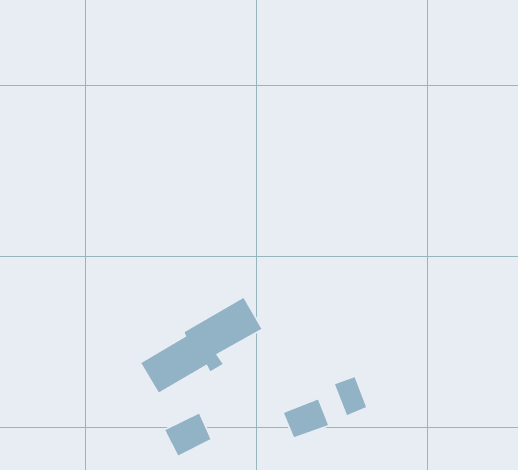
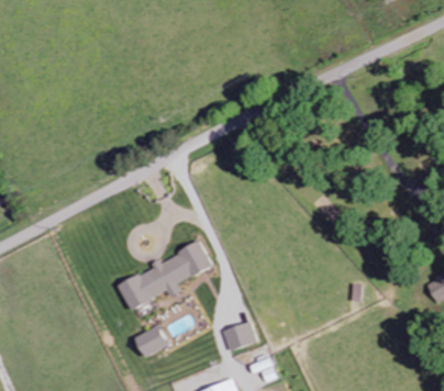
building: [334,376,367,416] -> none

